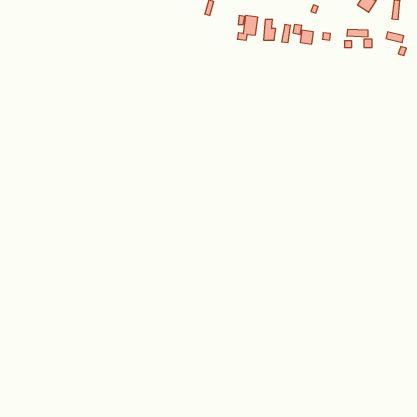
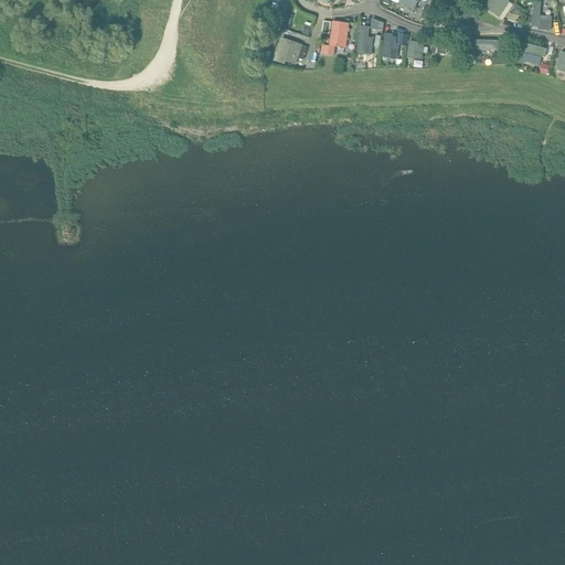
building: none -> [274,38,302,64]

